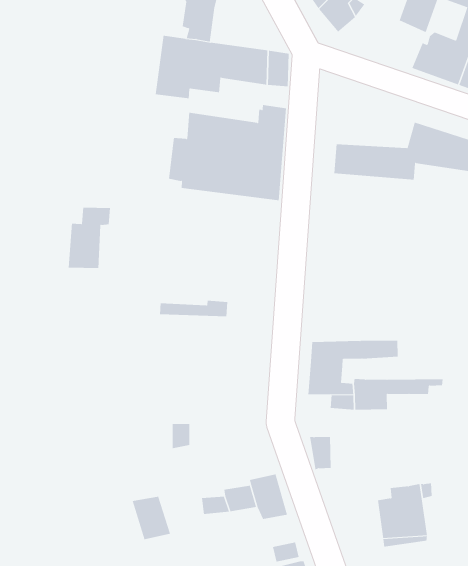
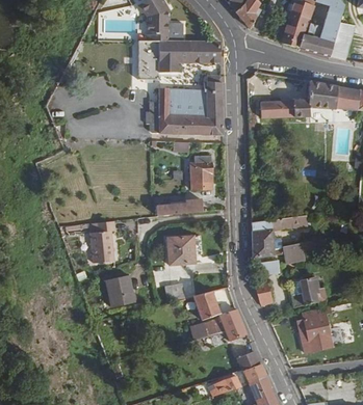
building: none -> [282,19,307,48]
building: [68,207,111,269] -> [89,215,113,254]
building: none -> [191,162,212,189]
building: none -> [164,233,191,262]
building: none -> [101,270,130,300]
building: none -> [294,277,327,306]
building: [132,496,171,540] -> [191,288,217,316]

